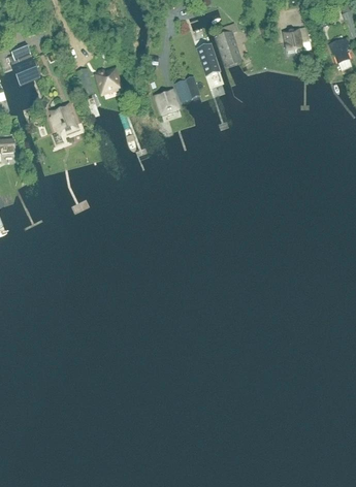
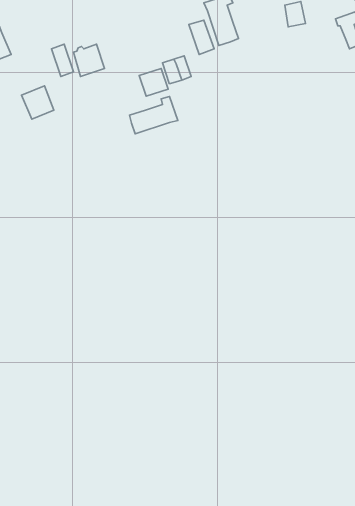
building: none -> [129,97,178,134]

